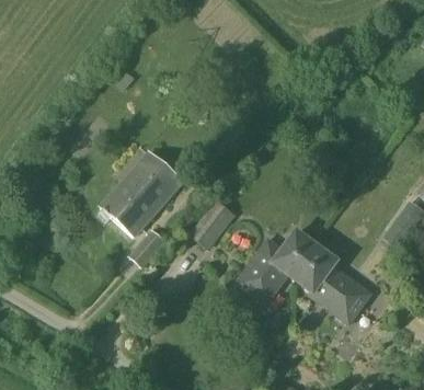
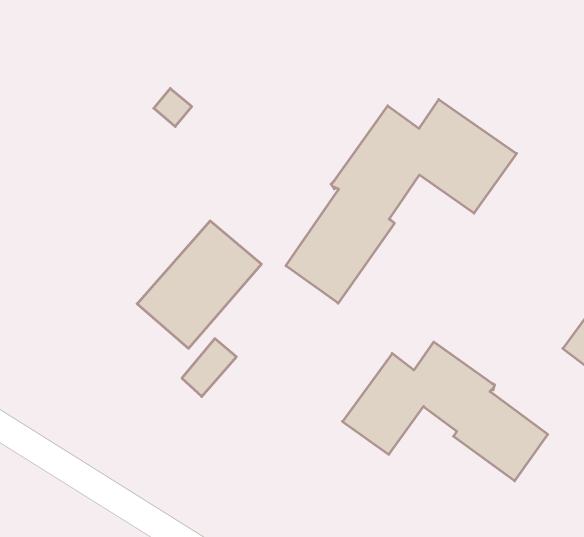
building: none -> [286,99,517,303]
building: [190,199,232,248] -> none

